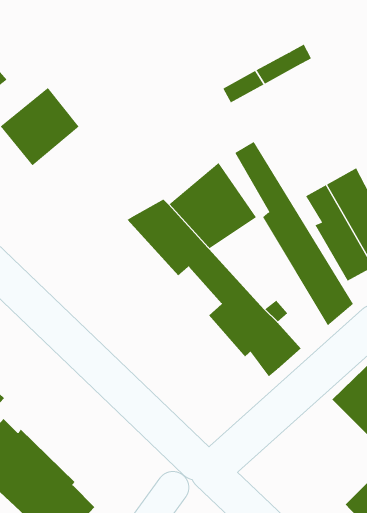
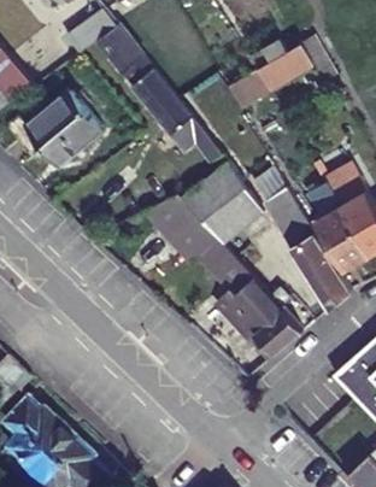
building: none -> [76,20,215,166]

